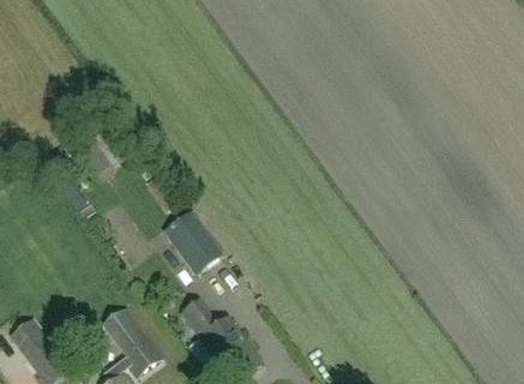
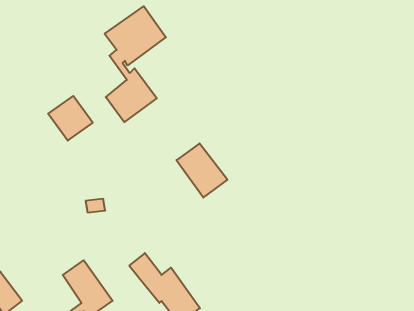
building: none -> [105,6,166,122]
building: [163,211,222,274] -> [176,143,227,198]

